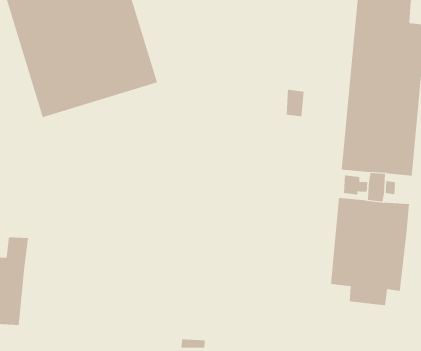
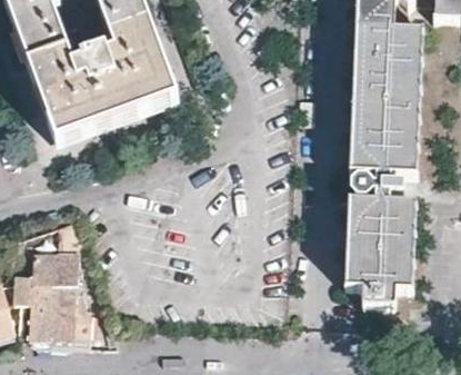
building: none -> [49,254,89,347]

